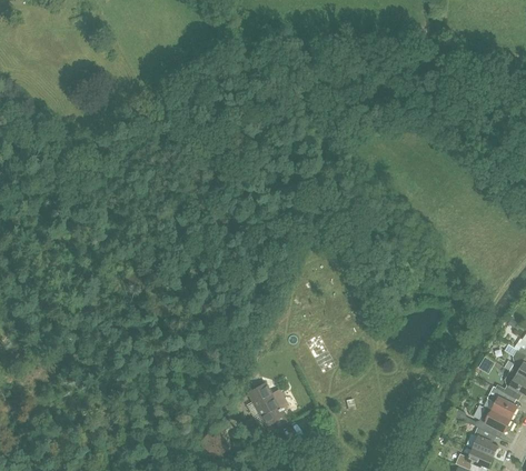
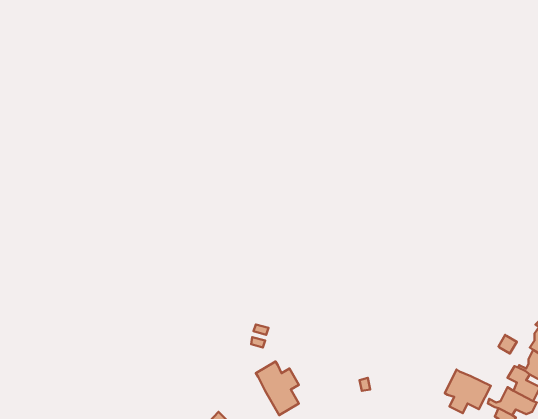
building: none -> [445,370,491,413]

